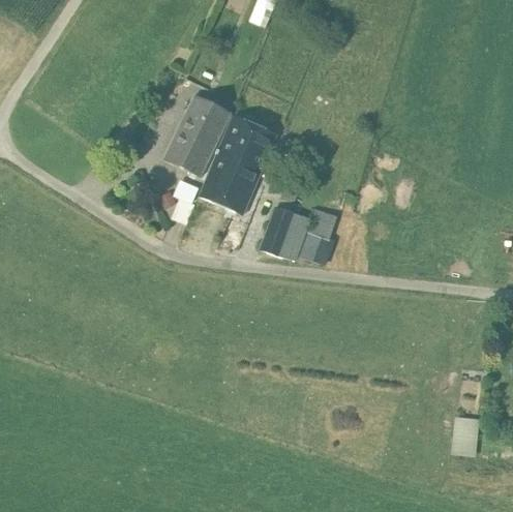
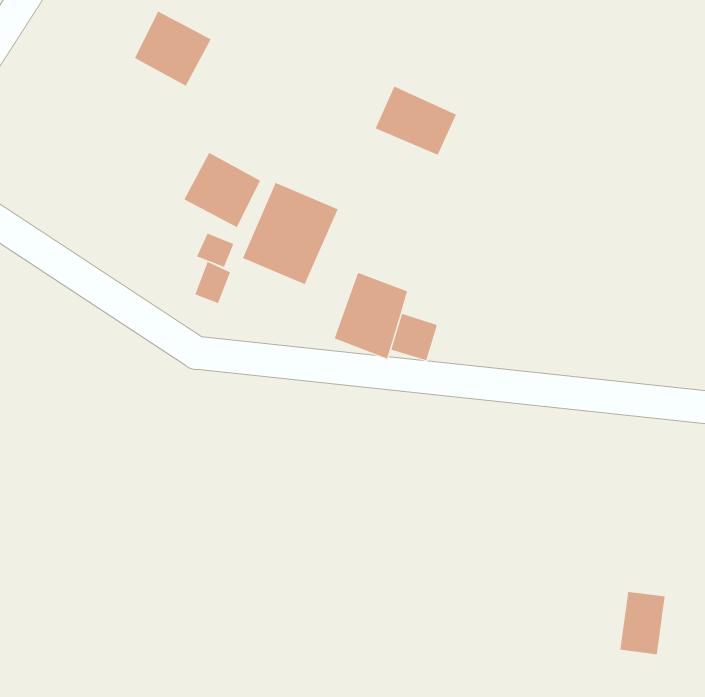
building: [180,95,231,145] -> [134,11,212,87]
building: [223,118,277,163] -> [375,86,457,155]
building: [306,208,336,239] -> none

